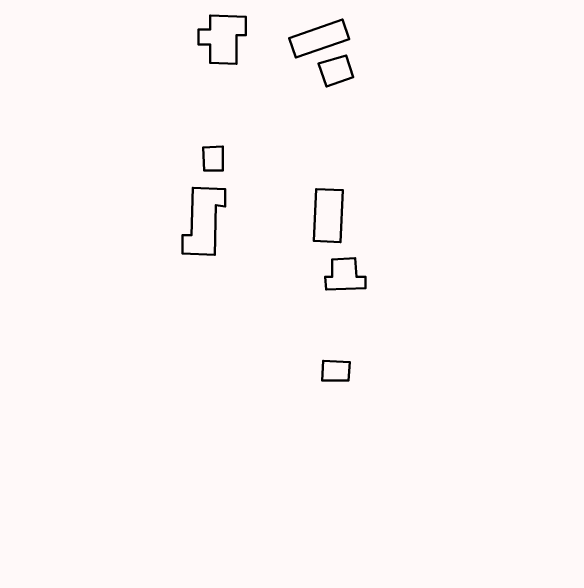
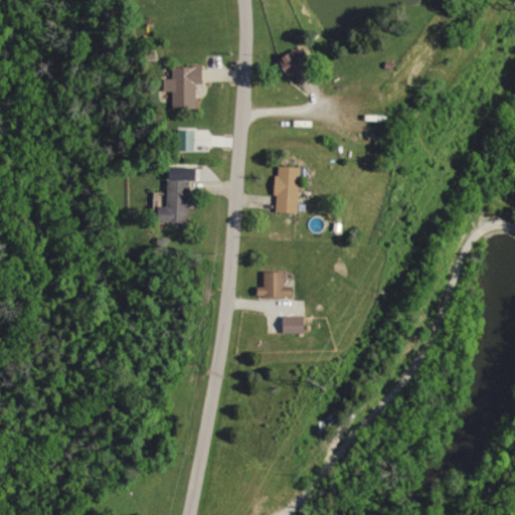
building: [199,16,246,64] -> [162,66,203,109]
building: [289,20,349,58] -> none
building: [325,258,366,289] -> [256,271,292,298]

